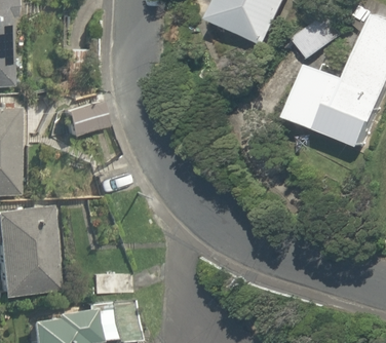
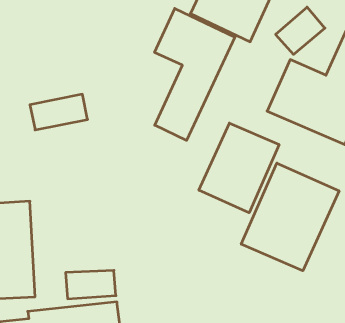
building: none -> [155,8,235,140]
building: none -> [199,123,279,213]
building: none -> [241,163,339,271]

